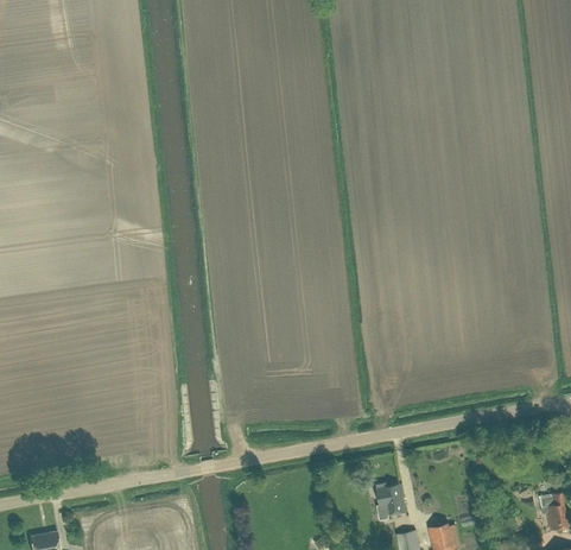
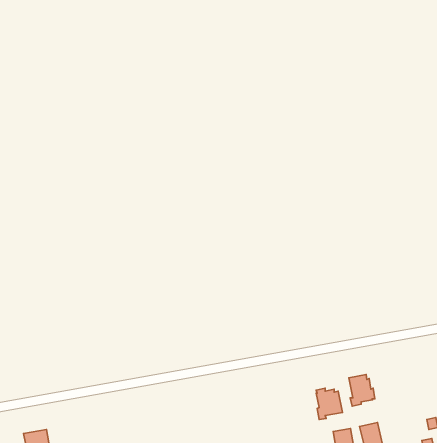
building: none -> [349,375,375,406]

